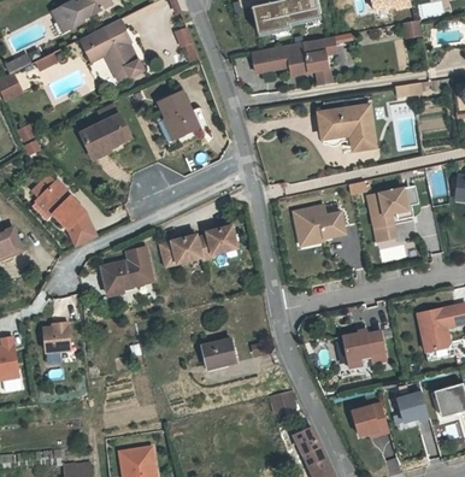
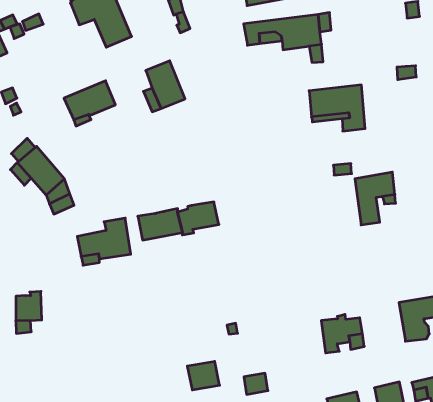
building: [293,205,345,243] -> none
building: [202,338,235,367] -> [187,361,220,390]

